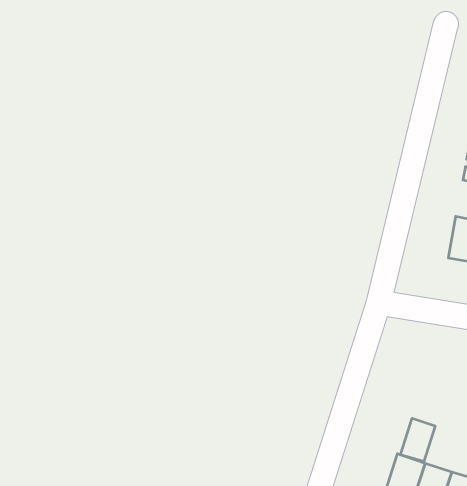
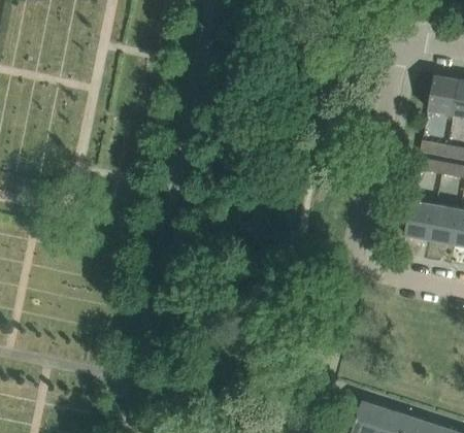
building: [400,418,435,462] -> none

